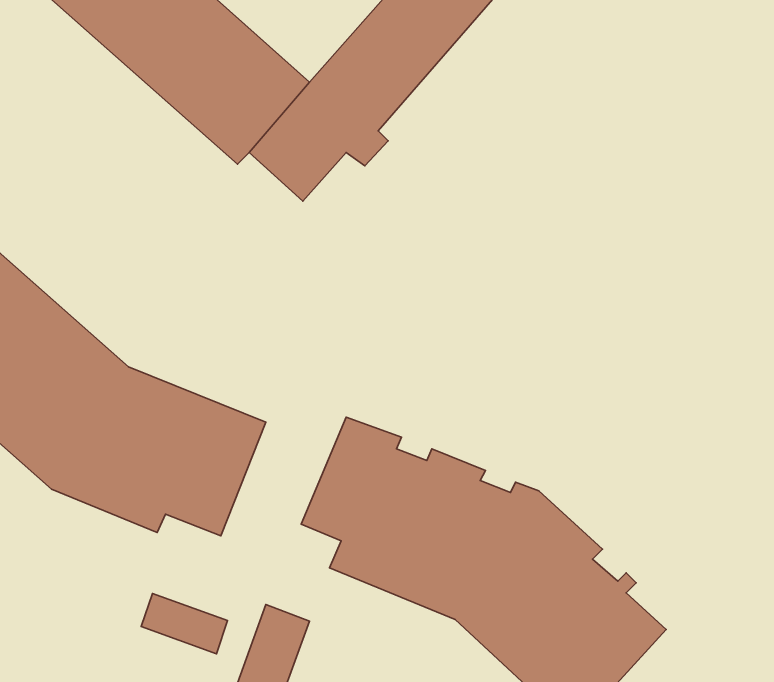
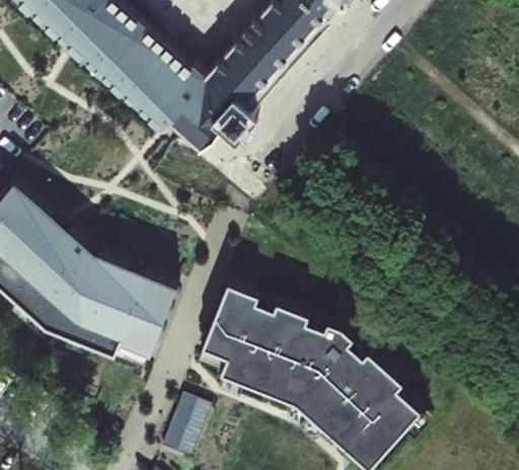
building: [141,593,228,654] -> none

